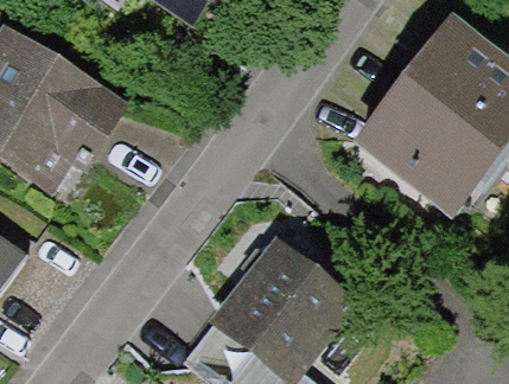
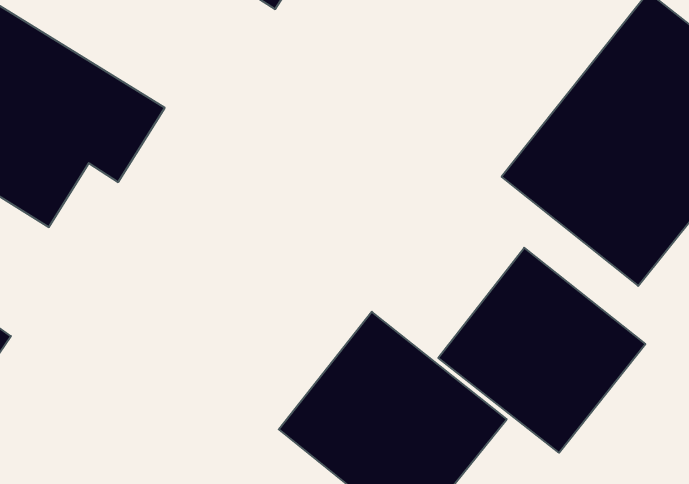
building: none -> [438,248,645,453]

